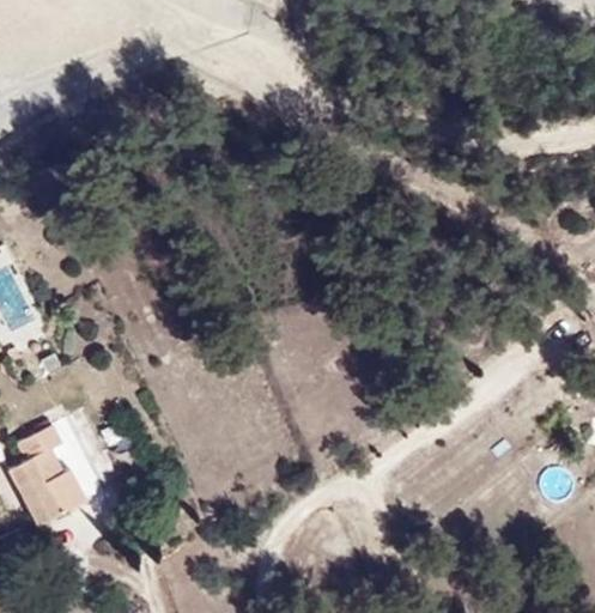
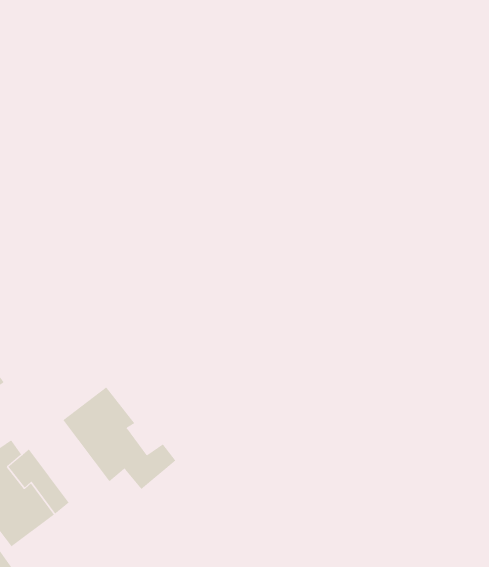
building: none -> [63,387,176,490]

